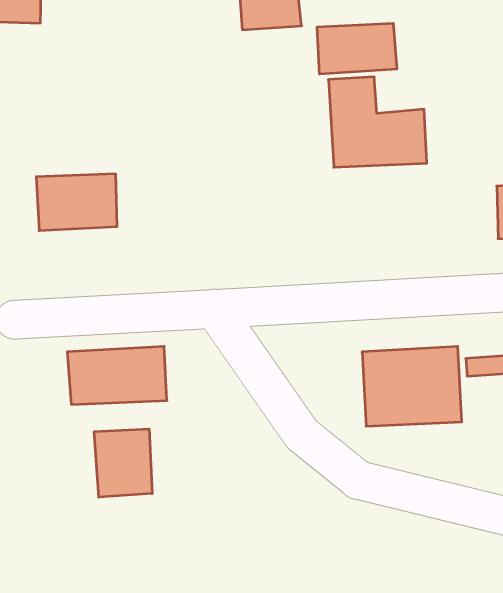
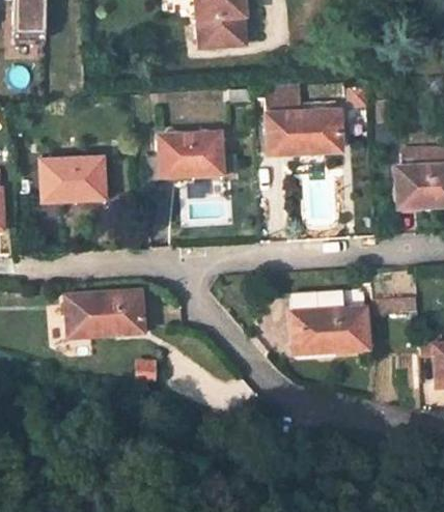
building: [317,23,397,74] -> none
building: none -> [159,131,223,176]
building: [94,429,152,497] -> none

